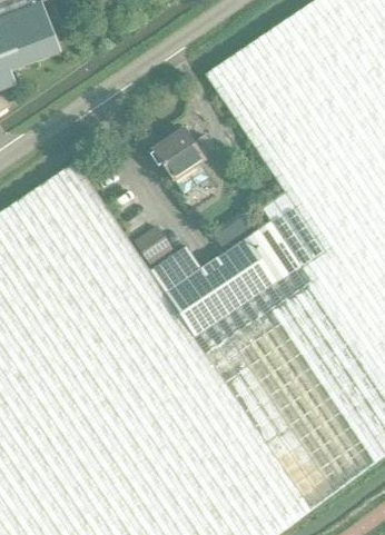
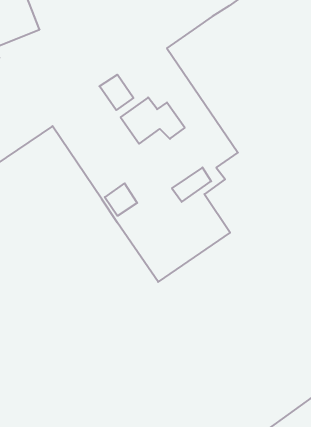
building: none -> [99,75,133,110]
building: [148,239,275,338] -> none

